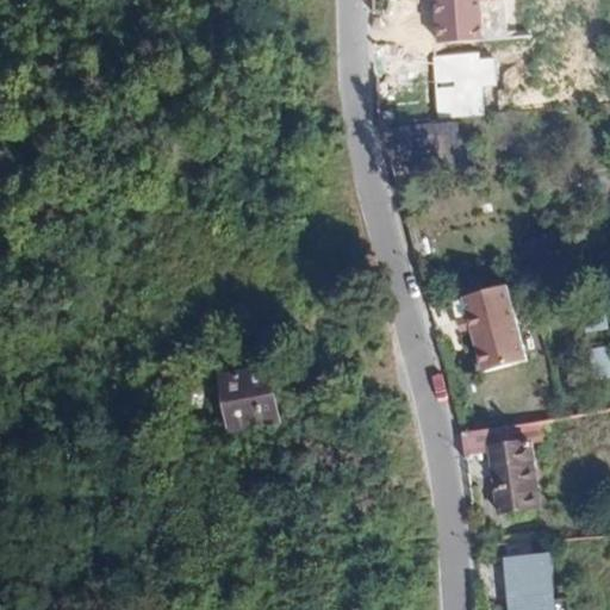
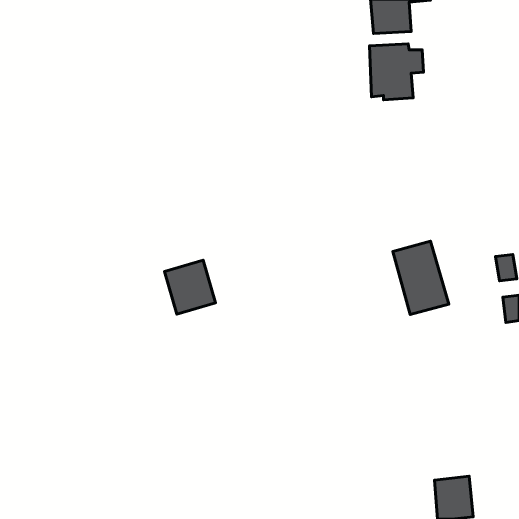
building: [220,366,280,429] -> [165,260,216,314]
building: [461,424,531,511] -> none

